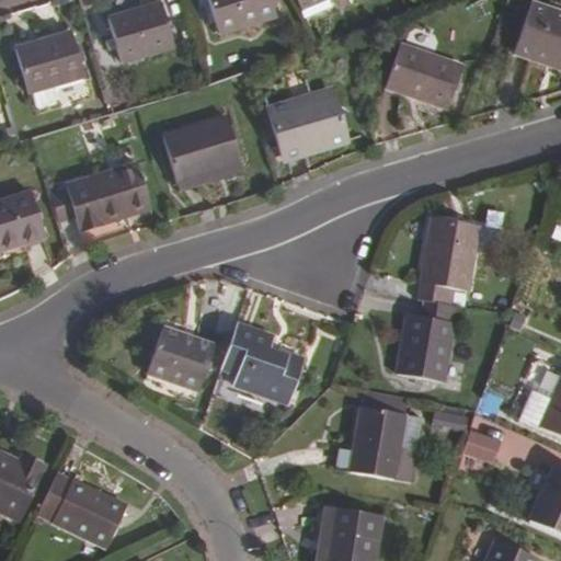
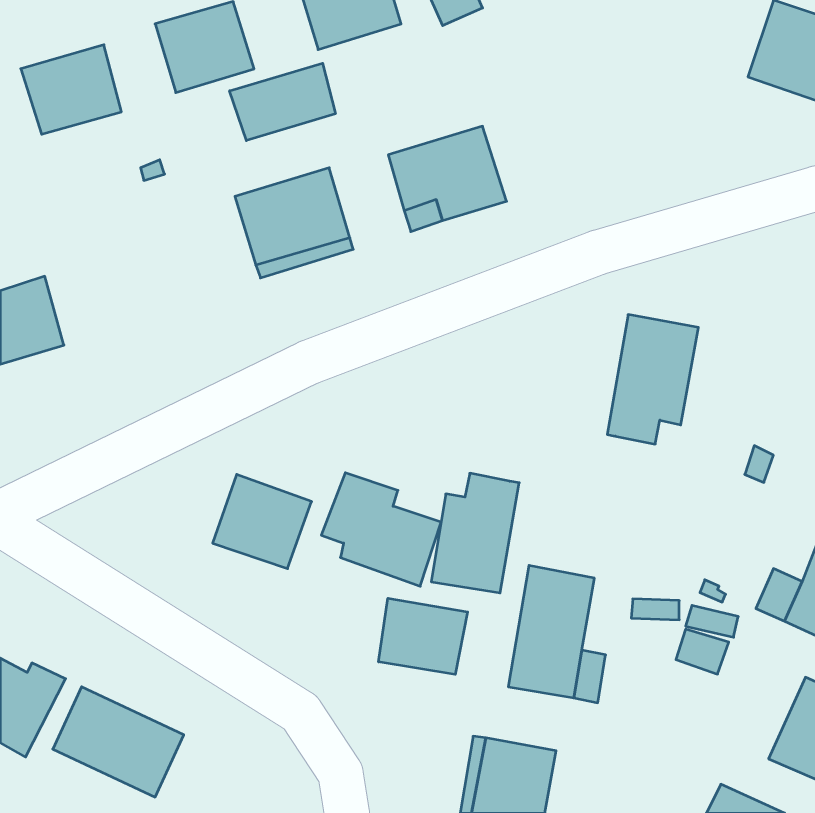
building: [386,43,463,108] -> none
building: none -> [230,63,335,141]
building: [48,161,150,231] -> none
building: [397,299,457,381] -> [431,473,519,593]
building: none -> [379,598,468,674]

